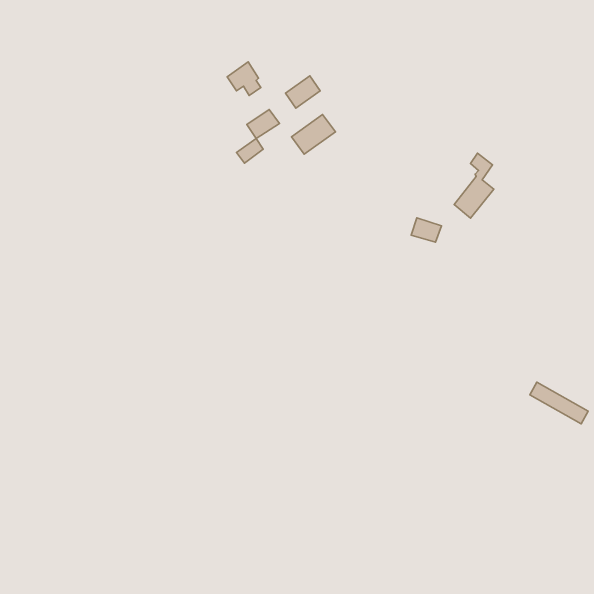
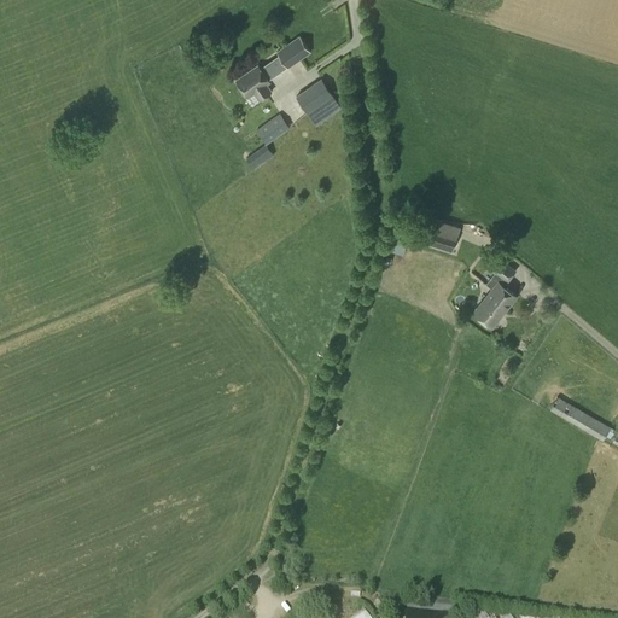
building: none -> [276,37,309,69]
building: [291,114,335,154] -> none
building: [454,153,494,218] -> [473,257,514,325]

